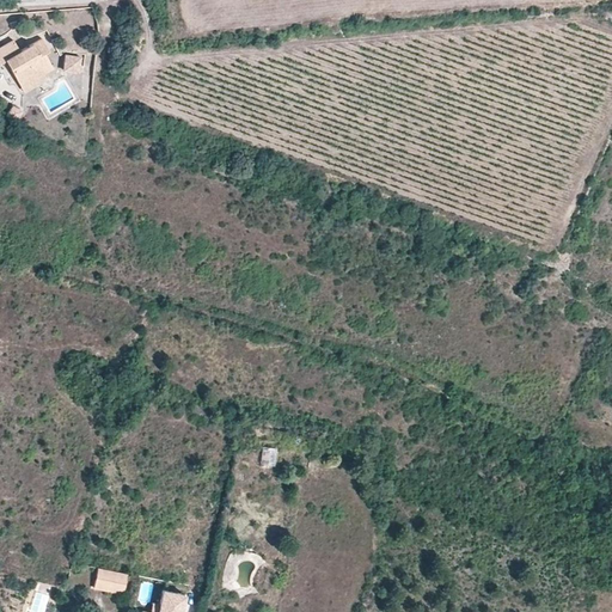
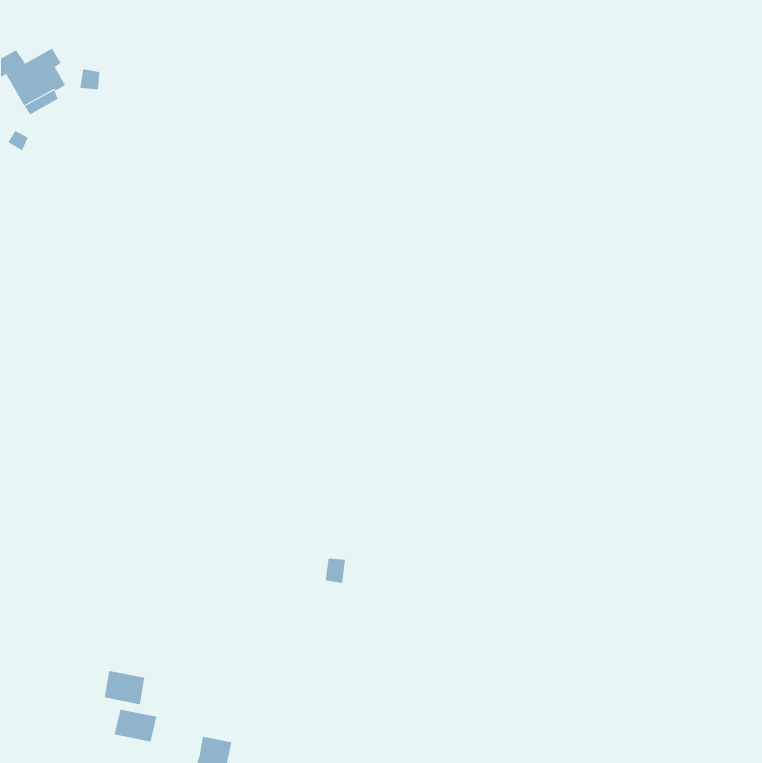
building: none -> [104,670,145,705]

